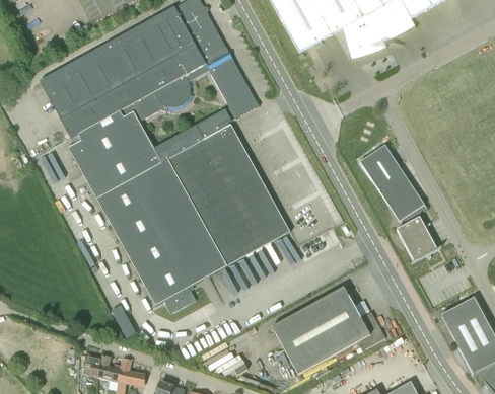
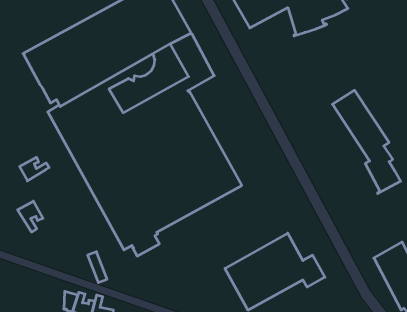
building: [359,144,437,262] -> [332,90,401,194]
building: none -> [20,157,49,181]
building: none -> [18,201,43,232]

